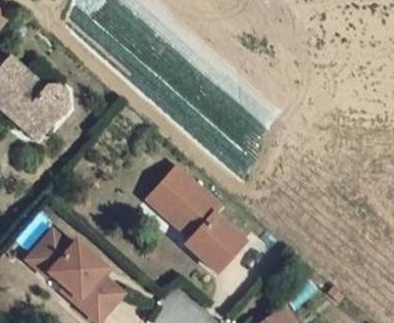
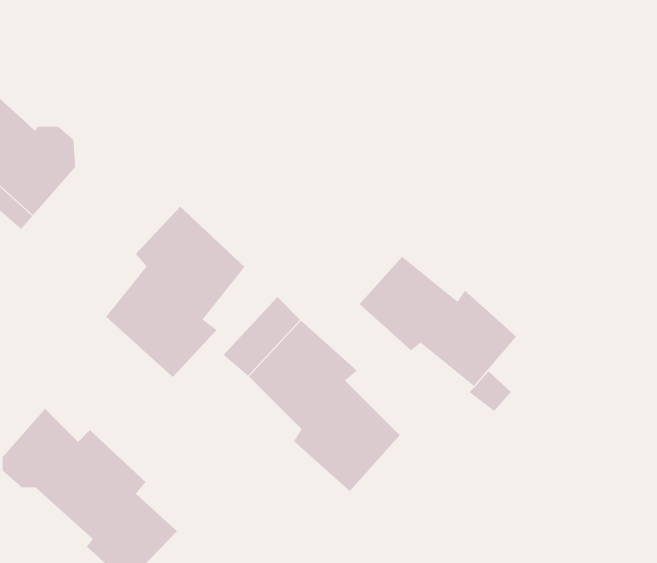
building: none -> [105,206,245,378]
building: none -> [359,256,517,387]

